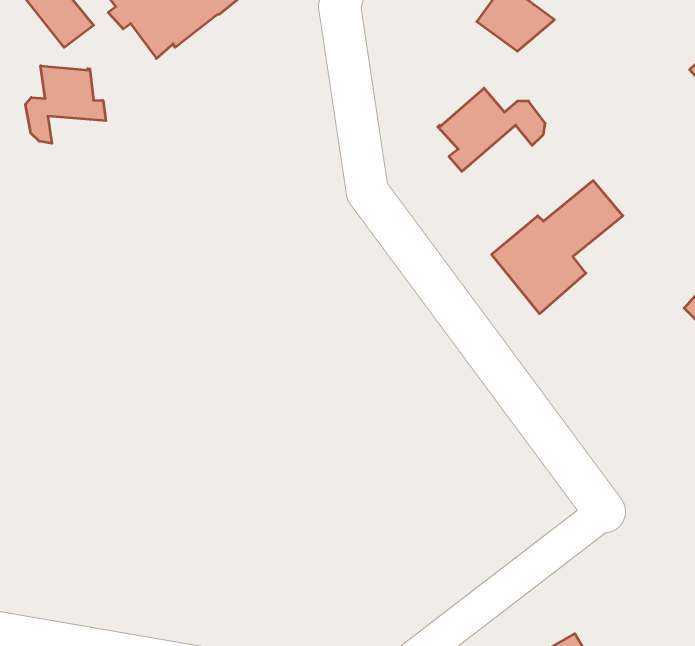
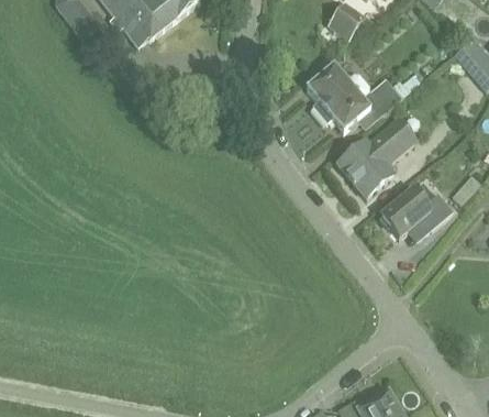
building: [25,66,106,143] -> none
building: none -> [320,78,402,132]
building: none -> [380,184,453,238]

